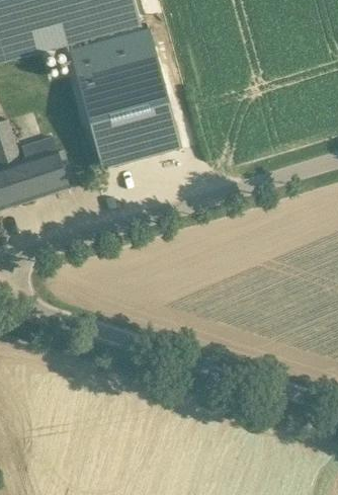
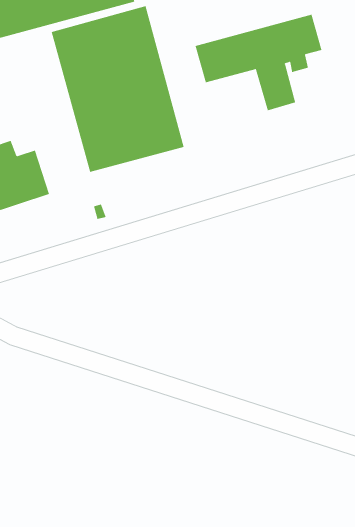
building: none -> [195,14,322,111]

